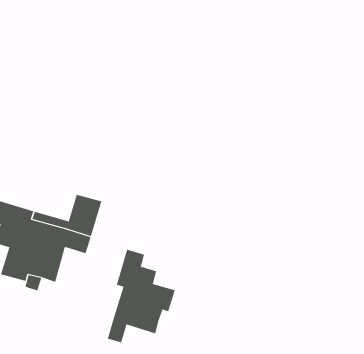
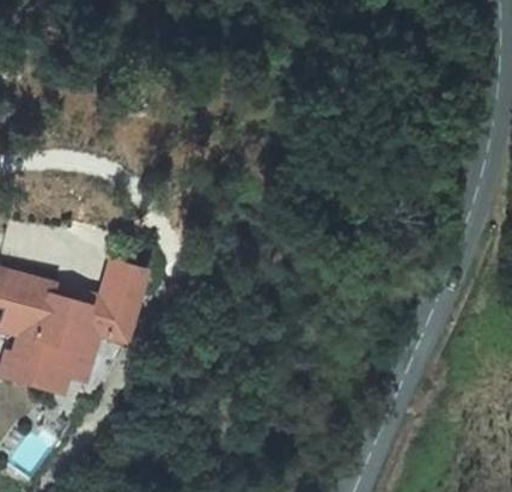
building: [107,249,176,343] -> none

